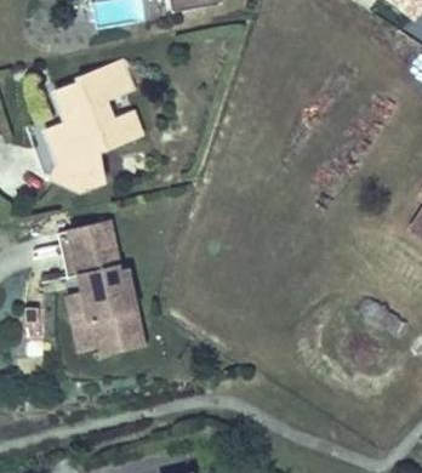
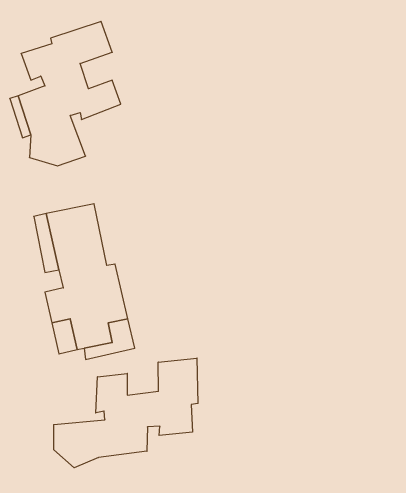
building: none -> [54,358,198,468]

